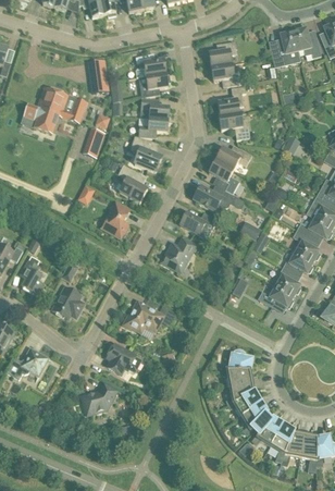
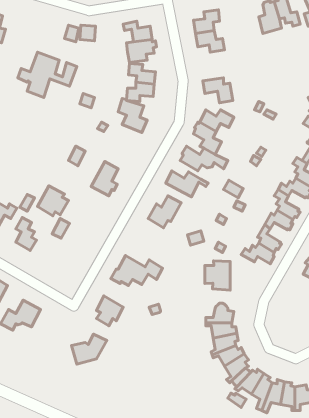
building: [218,85,246,115] -> none
building: [117,162,147,201] -> none
building: [52,286,85,318] -> [37,186,68,216]
building: none -> [205,261,230,290]

